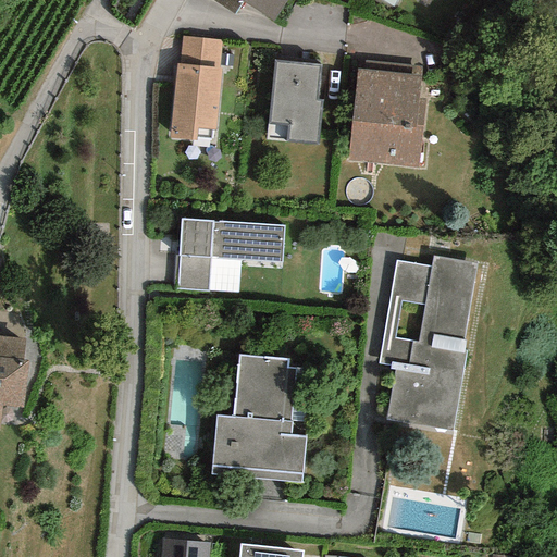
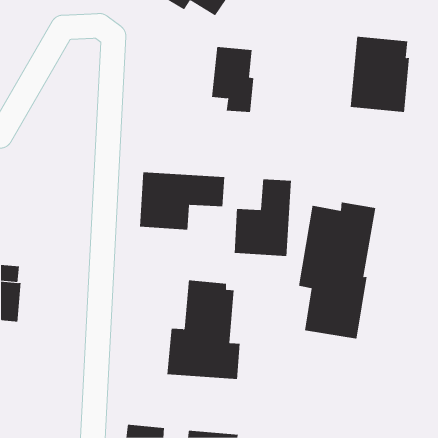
building: [171,36,222,139] -> none
building: [348,70,424,166] -> [350,36,410,112]
building: none -> [234,178,291,257]

